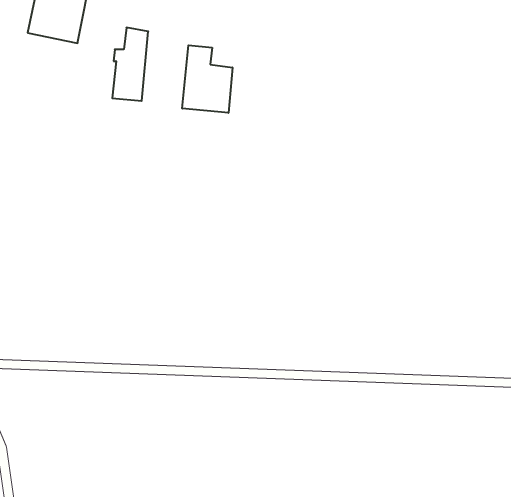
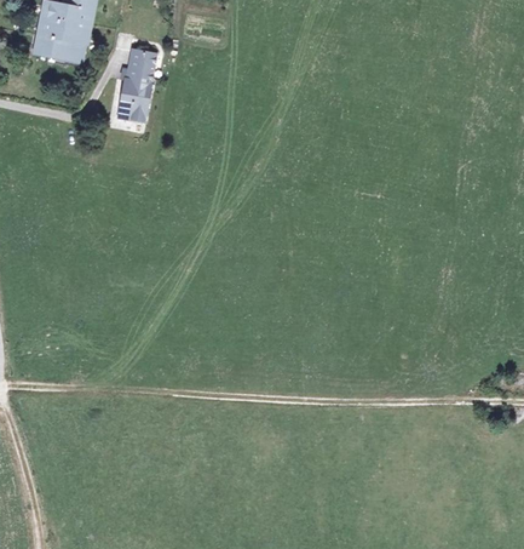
building: [182,45,232,113] -> none

